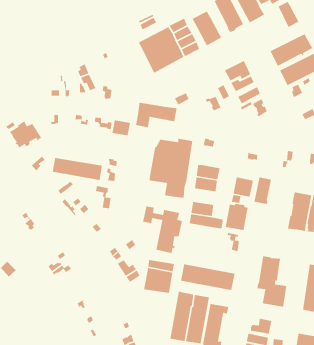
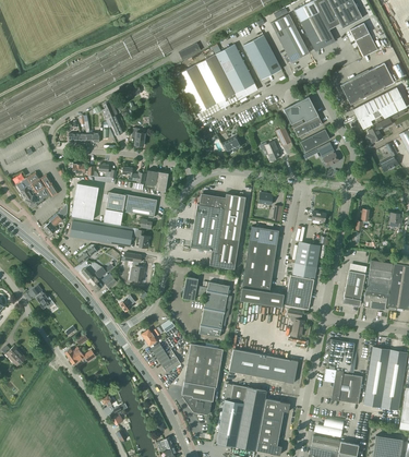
building: [135,102,177,128] -> [104,192,156,225]
building: none -> [71,183,98,219]
building: [253,177,272,205] -> [342,270,365,305]
building: none -> [244,256,274,276]
building: none -> [363,347,389,407]
building: none -> [181,382,215,414]

